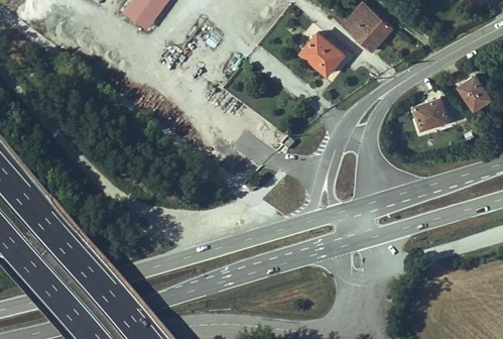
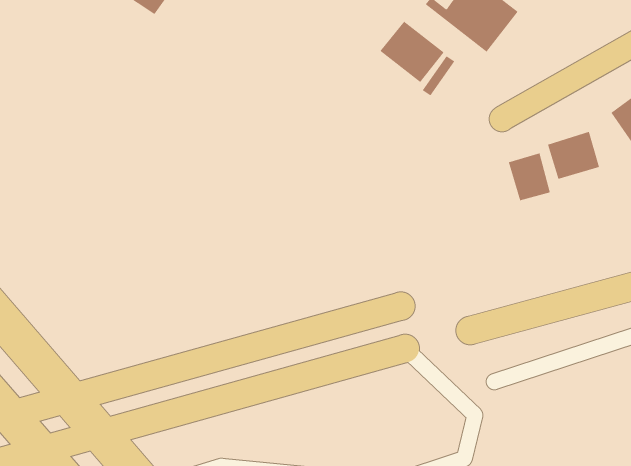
building: none -> [508,153,551,201]

